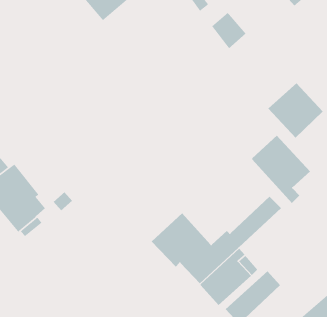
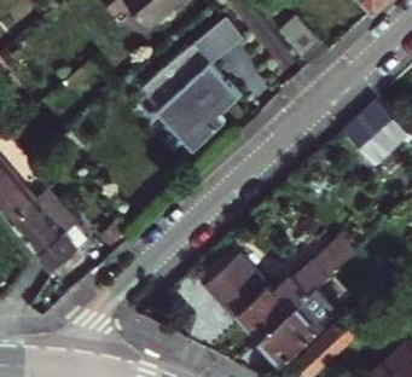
building: none -> [141,21,243,153]
building: [251,135,311,204] -> none

